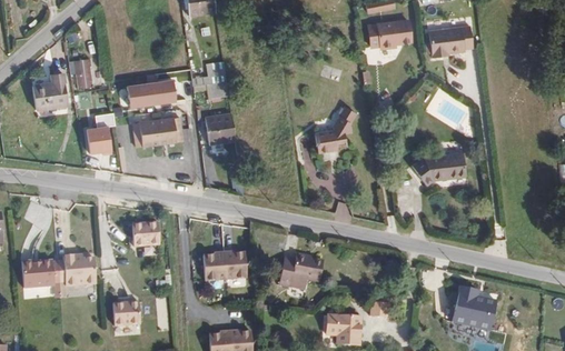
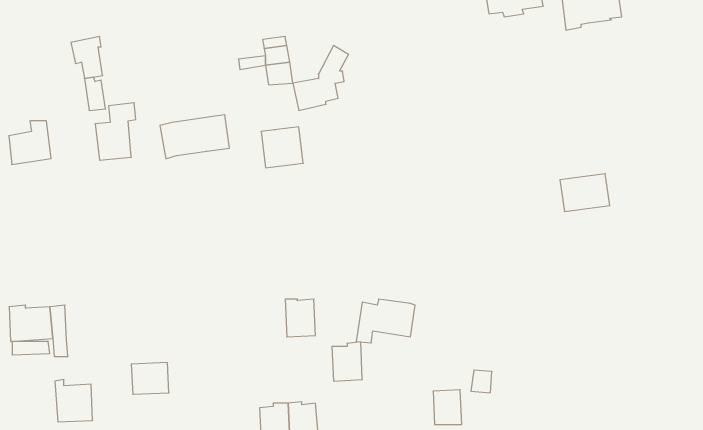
building: [126,73,176,103] -> none
building: [33,82,65,114] -> [9,121,51,165]
building: [315,106,356,153] -> [293,45,349,110]
building: [130,219,156,243] -> none
building: [66,251,93,282] -> [55,380,93,422]
building: [204,252,226,281] -> [332,342,362,381]
building: [446,283,494,331] -> none

